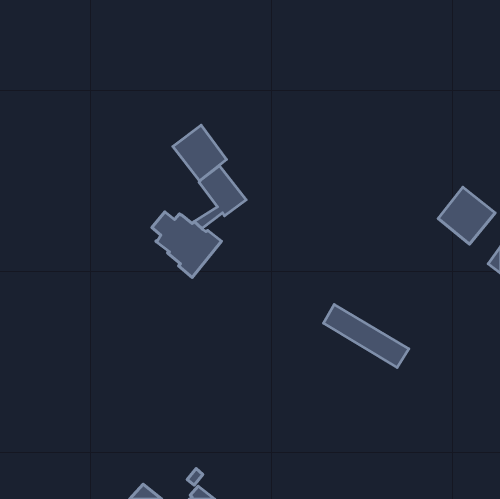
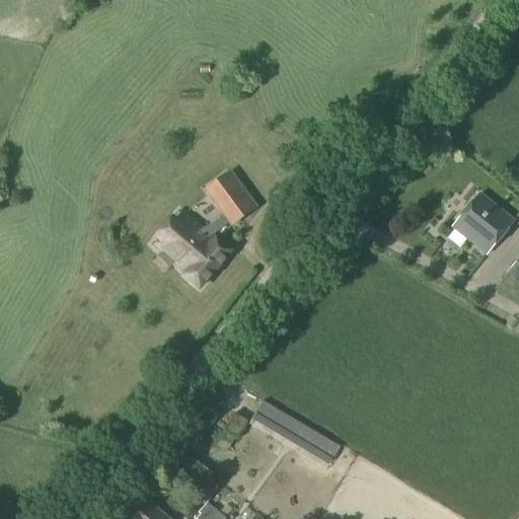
building: [173,125,227,181] -> none
building: [324,305,409,367] -> [251,400,340,465]

